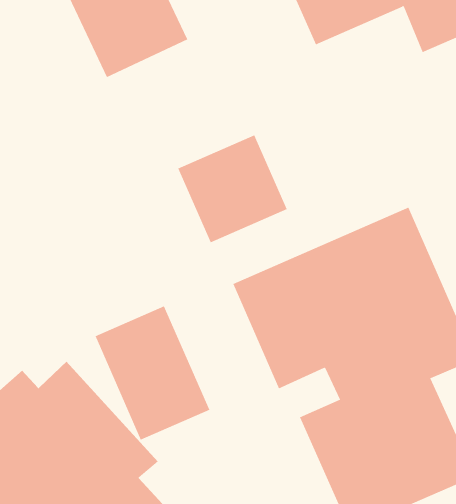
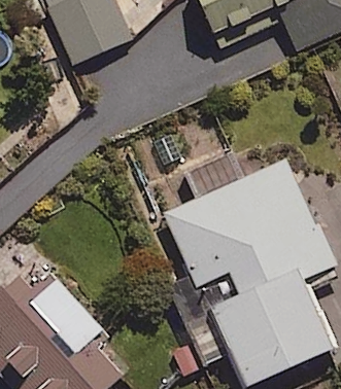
building: [178,134,287,243] -> none
building: [95,306,210,441] -> none

